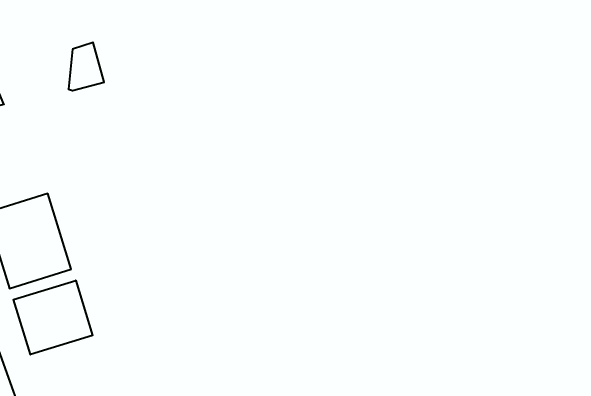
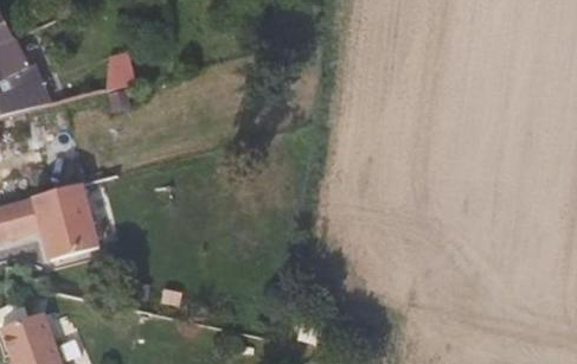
building: [13,280,93,355] -> none

